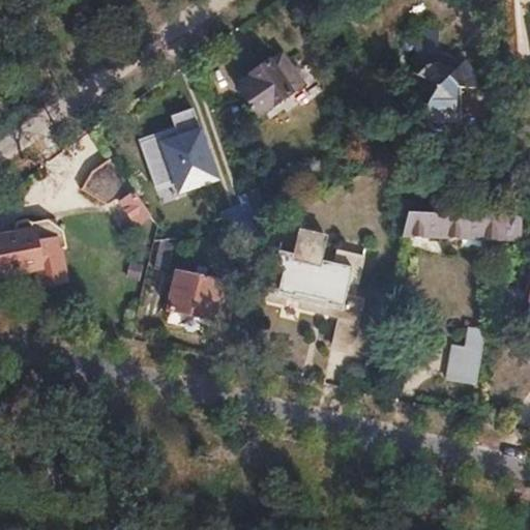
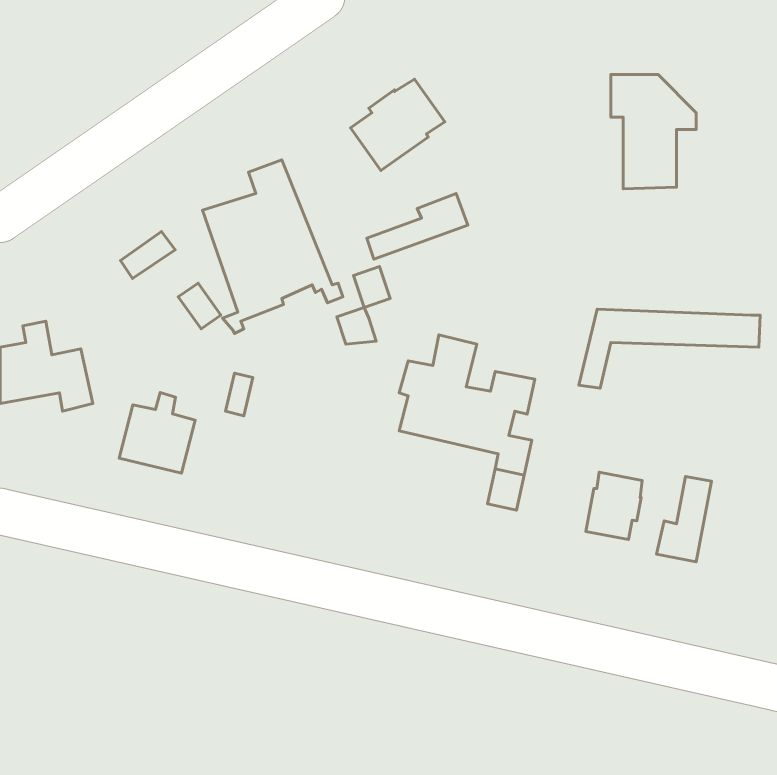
building: none -> [367,193,468,259]
building: [169,264,220,319] -> [119,393,195,473]
building: none -> [586,472,642,540]

